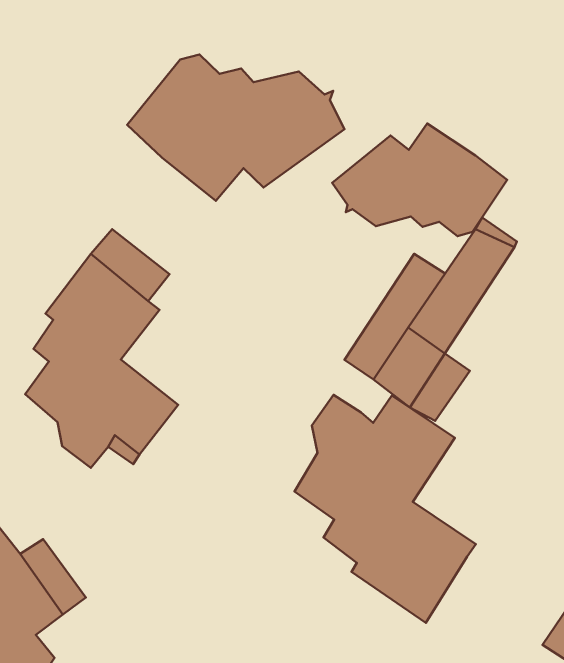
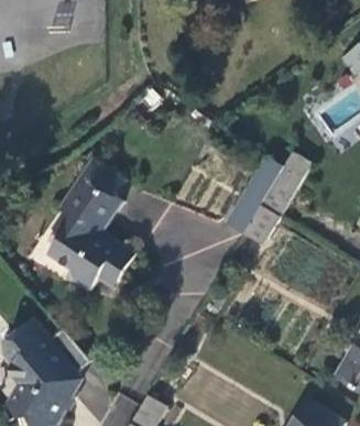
building: [127,55,344,201] -> none
building: [332,124,507,236] -> none
building: [295,395,476,623] -> none

